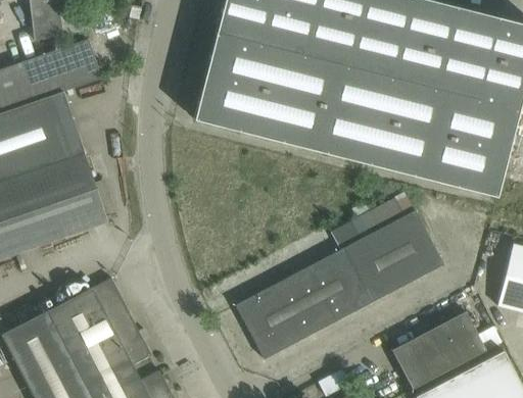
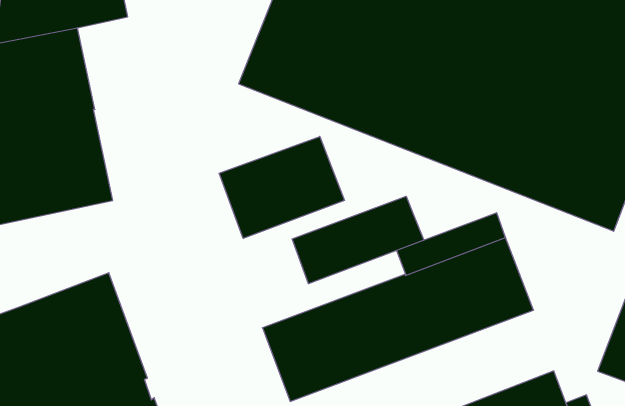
building: none -> [219,136,345,238]
building: none -> [292,196,424,284]

